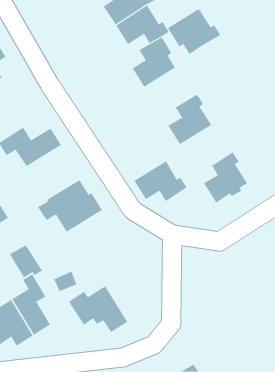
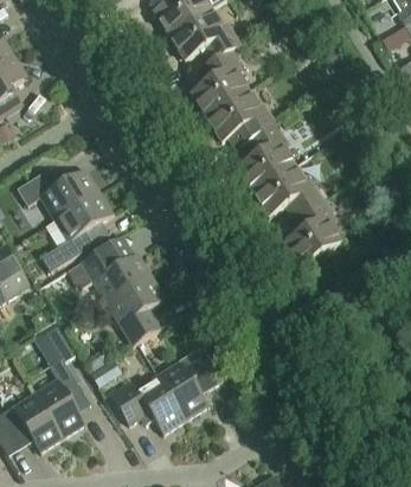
building: [167,8,221,55] -> [206,89,276,149]
building: none -> [40,190,114,270]
building: [134,161,187,202] -> [252,164,322,217]
building: none -> [105,274,166,345]
building: none -> [156,345,223,419]

